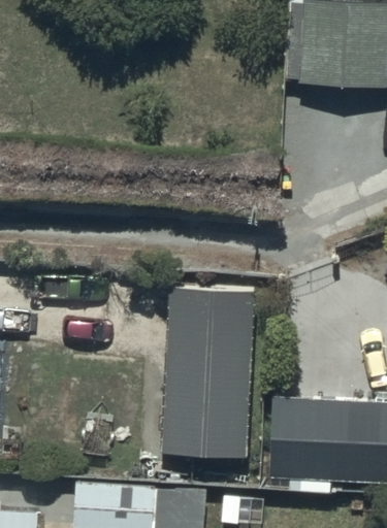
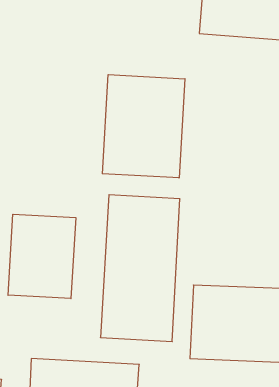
building: none -> [102,75,185,178]
building: none -> [8,214,76,299]

